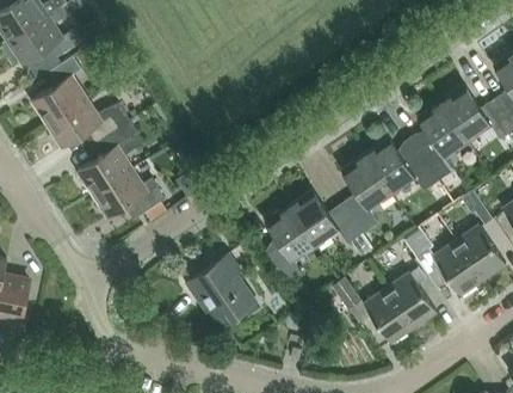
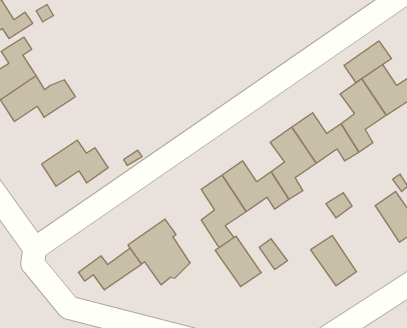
building: none -> [344,41,392,83]
building: [76,121,143,195] -> none
building: [433,240,482,295] -> none
building: none -> [78,248,141,290]
building: [363,288,413,343] -> [215,236,261,287]

